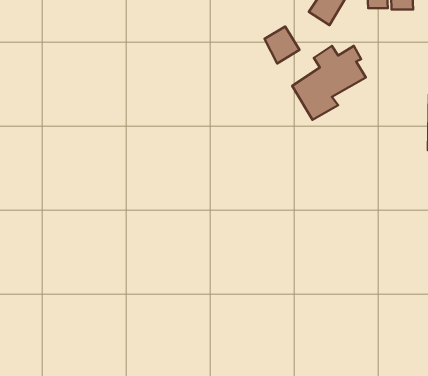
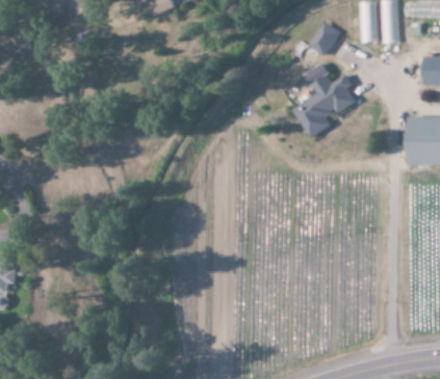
building: [264,27,300,64] -> none

